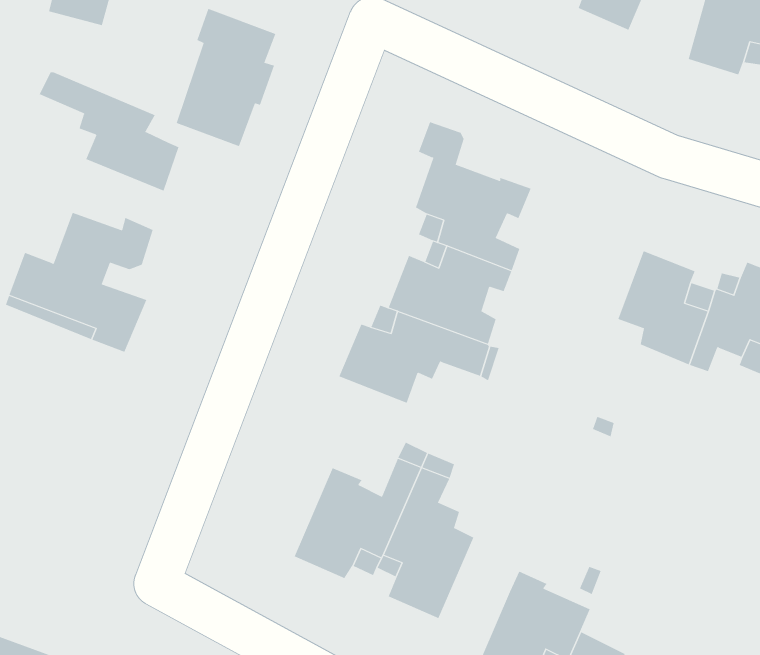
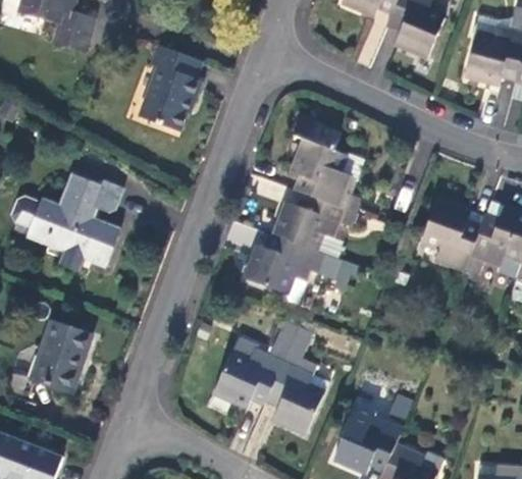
building: [39,71,179,191] -> none
building: none -> [30,320,90,392]

